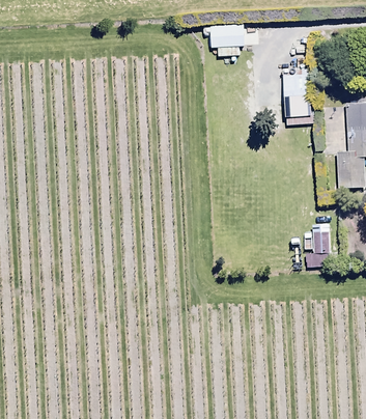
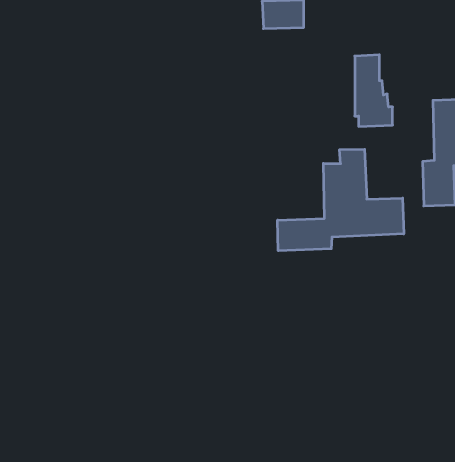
building: none -> [278,149,404,251]
building: [306,231,329,267] -> none

